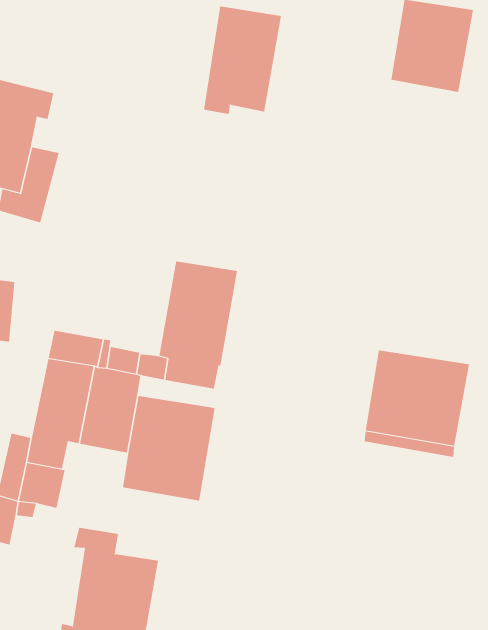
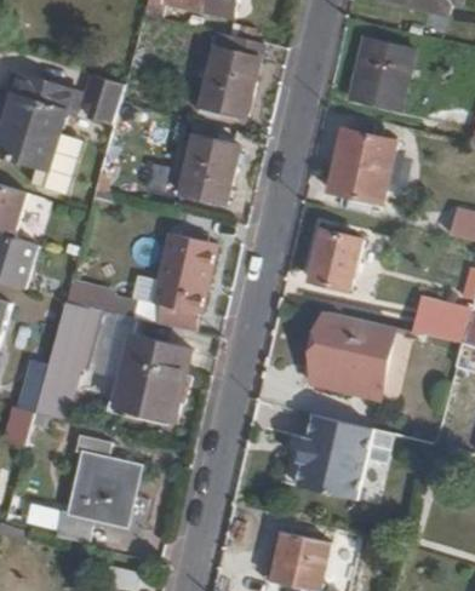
building: none -> [81,74,121,124]
building: none -> [326,128,397,205]
building: none -> [178,128,240,206]
building: none -> [307,229,362,292]
building: none -> [294,415,372,500]

